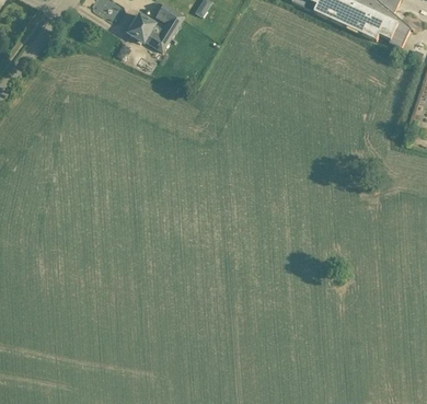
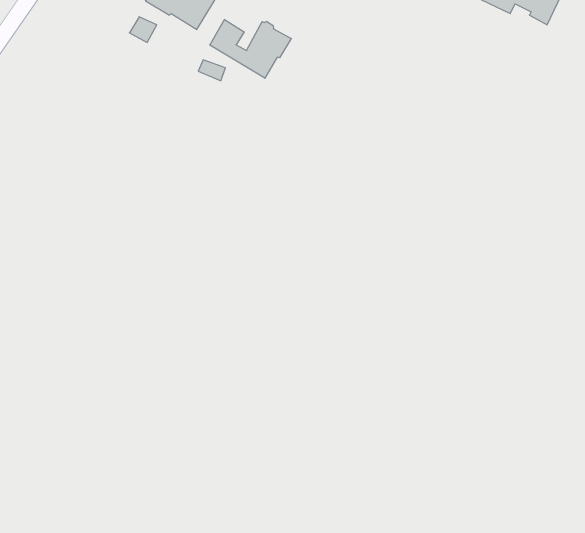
building: none -> [210,20,291,78]

